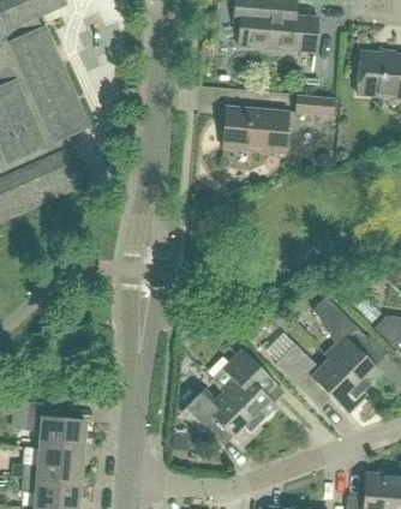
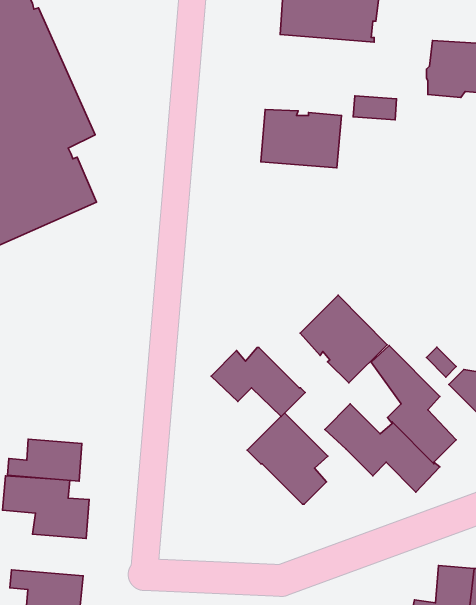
building: none -> [300,295,387,383]
building: [186,390,262,445] -> [211,348,305,416]
building: [23,447,83,480] -> [7,439,82,481]

